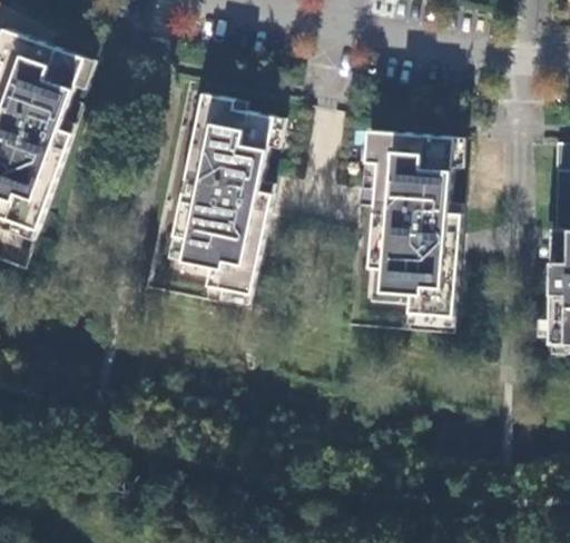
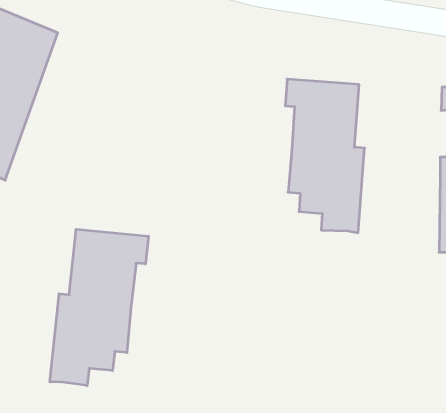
building: [170,90,273,293] -> none
building: none -> [50,229,148,386]

